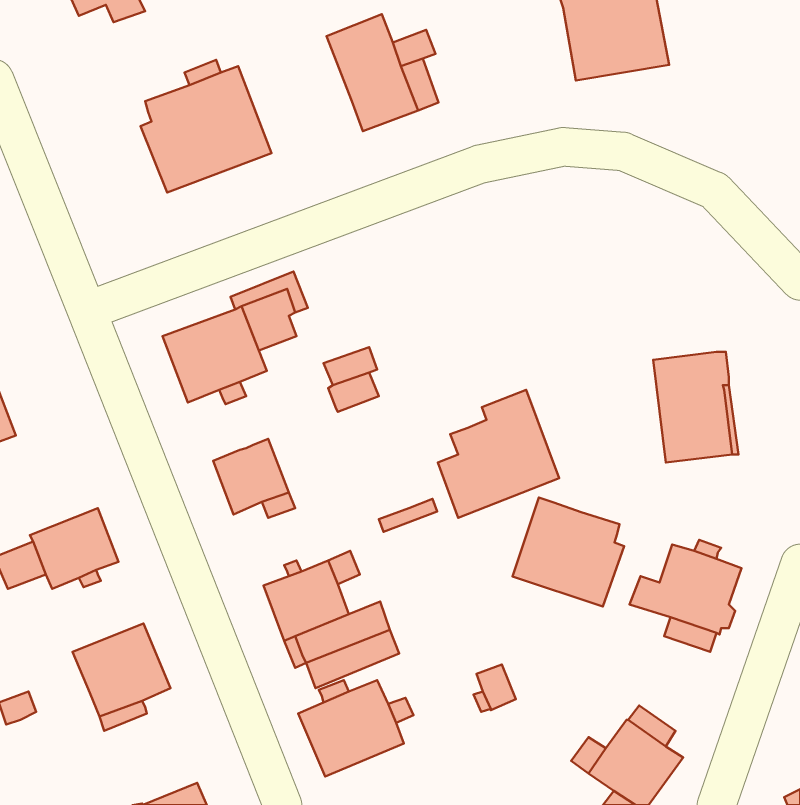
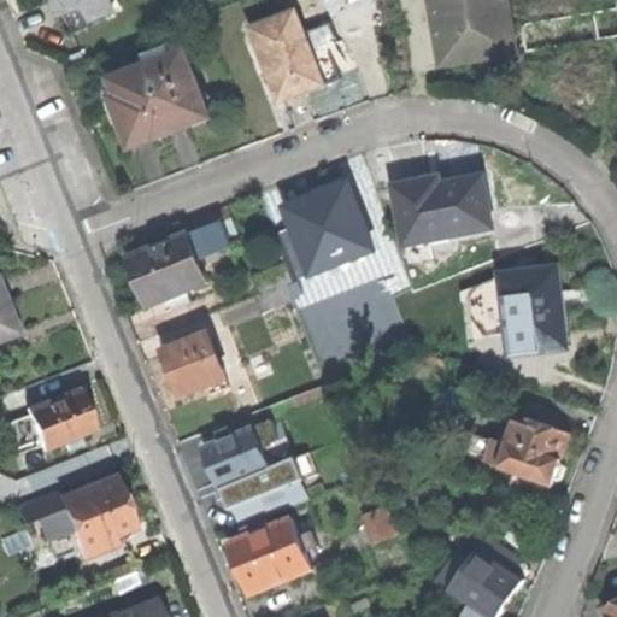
building: none -> [393,178,488,242]
building: [438,390,559,518] -> [281,178,374,276]
building: [512,498,624,607] -> none
building: none -> [12,489,69,540]

